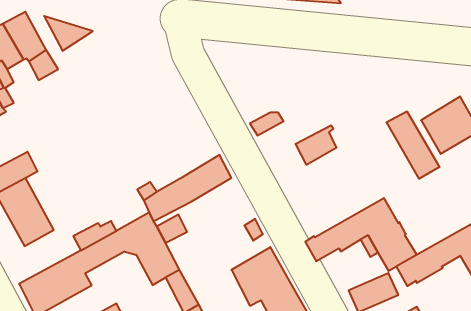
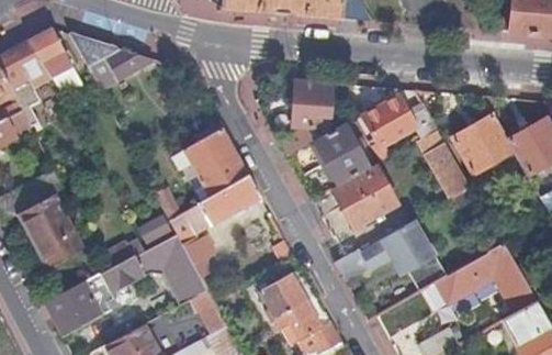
building: none -> [89,48,153,85]
building: none -> [292,79,346,127]
building: none -> [362,96,438,162]
building: none -> [313,124,361,163]
building: none -> [182,126,248,197]
building: none -> [330,165,395,228]

